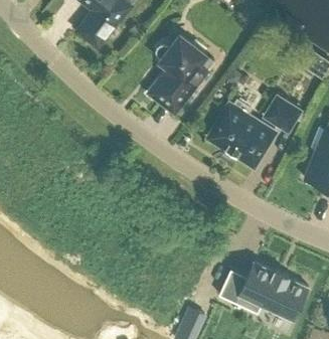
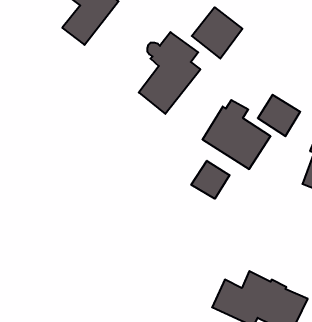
building: none -> [192,7,242,59]
building: none -> [191,161,230,199]

